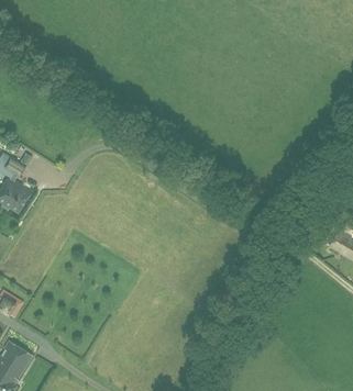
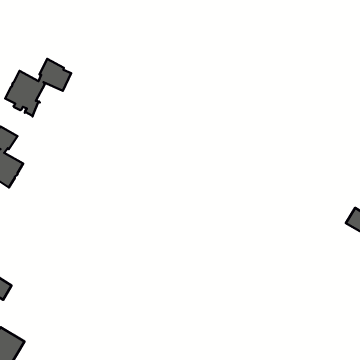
building: none -> [5,59,71,116]

